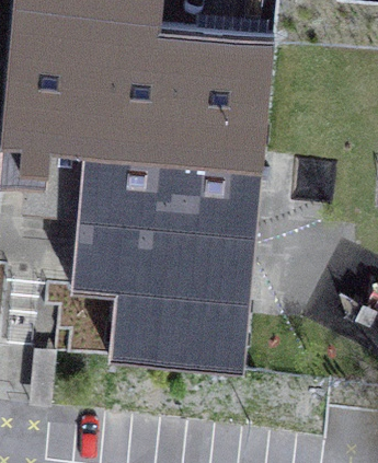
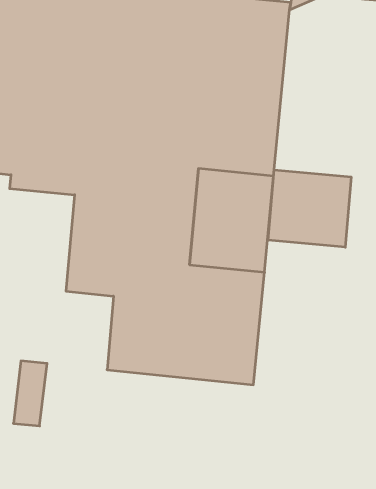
building: none -> [268,170,351,247]

